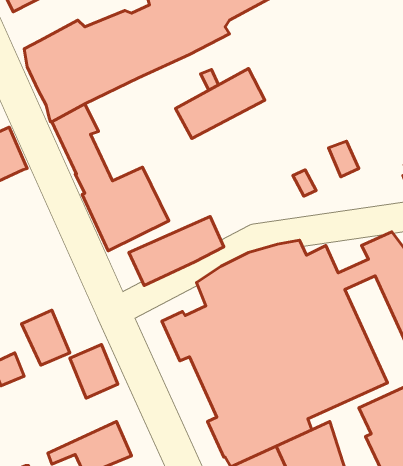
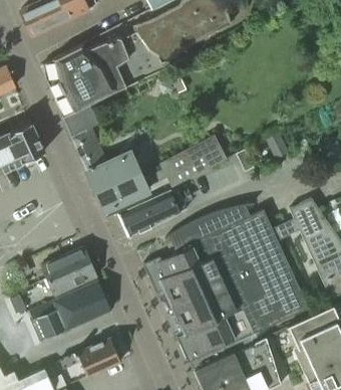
building: [175,69,265,139] -> [161,135,227,186]
building: none -> [63,246,98,286]
building: none -> [31,290,88,341]

